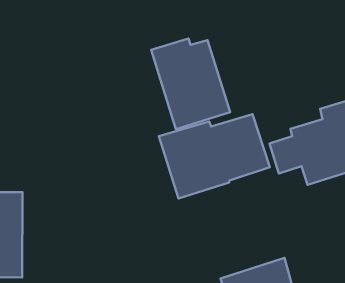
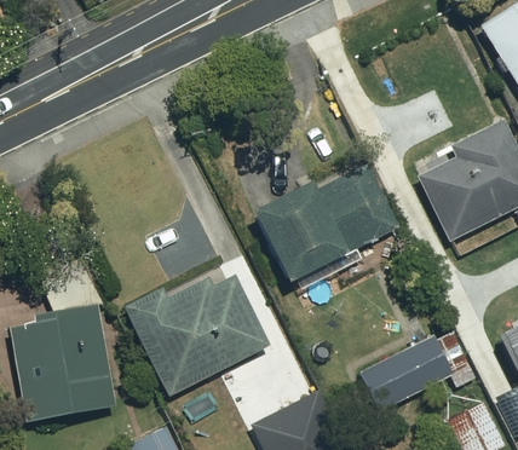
building: [151,38,230,129] -> none
building: none -> [123,275,270,396]

